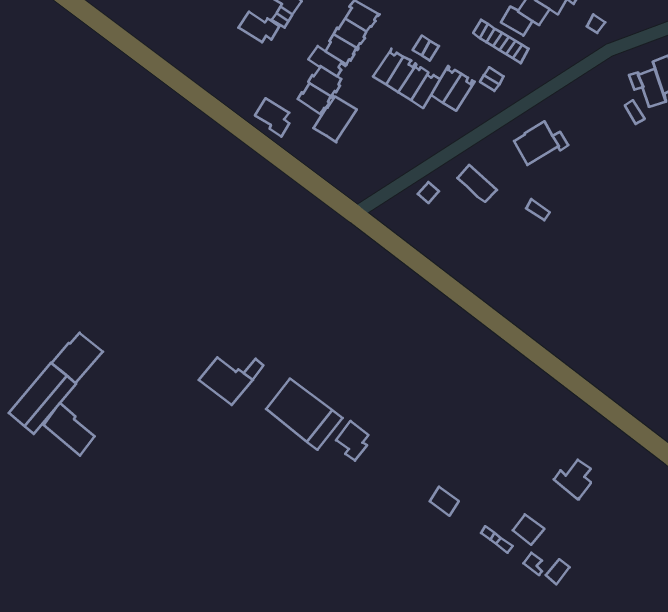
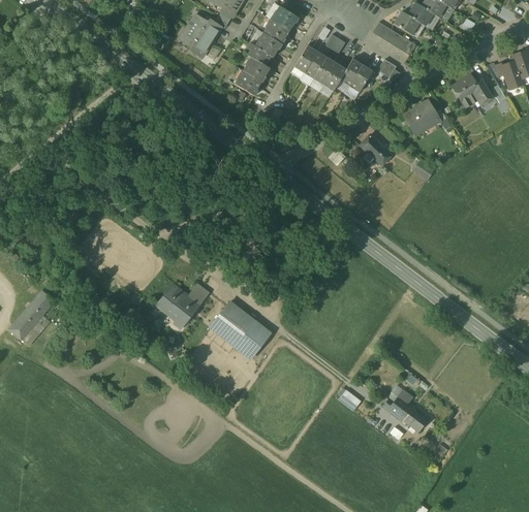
building: none -> [452,75,492,105]
building: [313,97,357,142] -> none
building: [255,98,289,137] -> [180,28,207,58]
building: [51,333,103,384] -> none
building: [44,403,95,456] -> none
building: [336,421,368,461] -> none
building: [554,460,591,499] -> [383,390,412,421]

